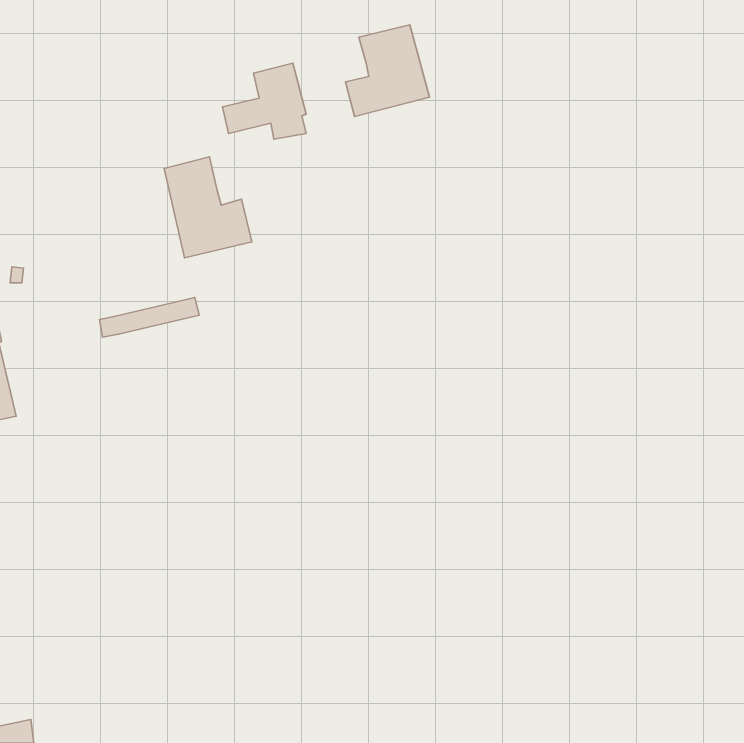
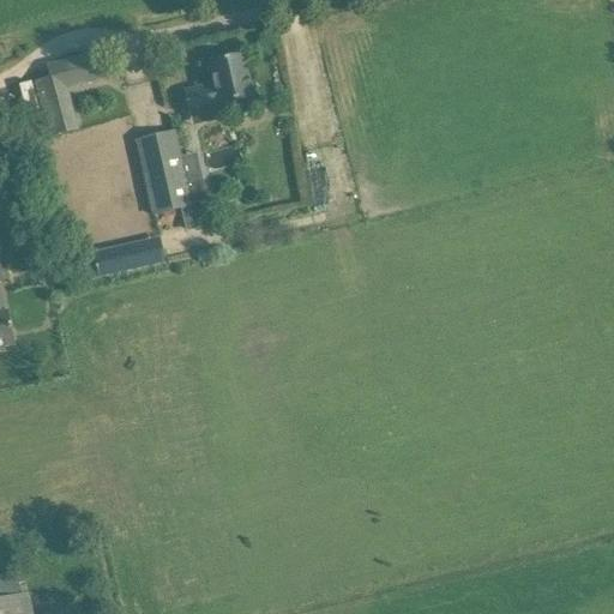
building: [346,25,429,116] -> none
building: none -> [35,50,106,134]

